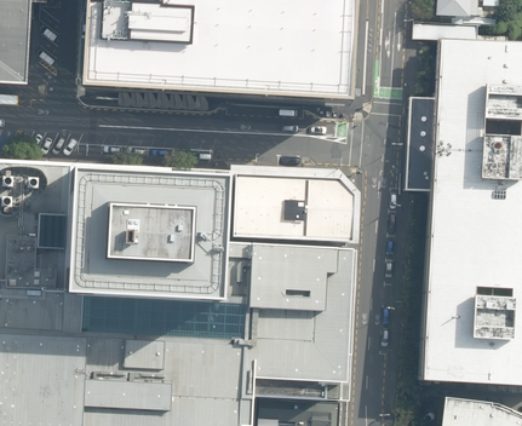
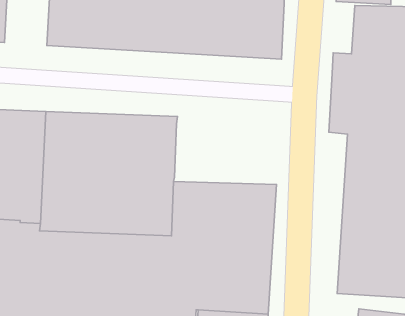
building: [229,179,354,248] -> none

